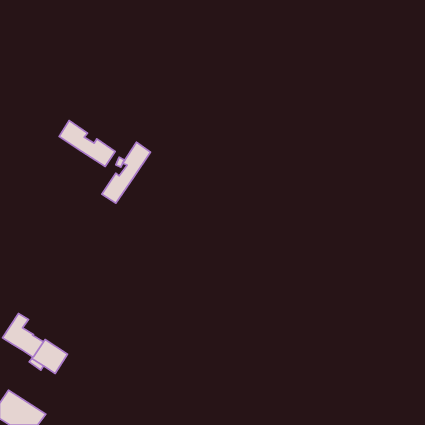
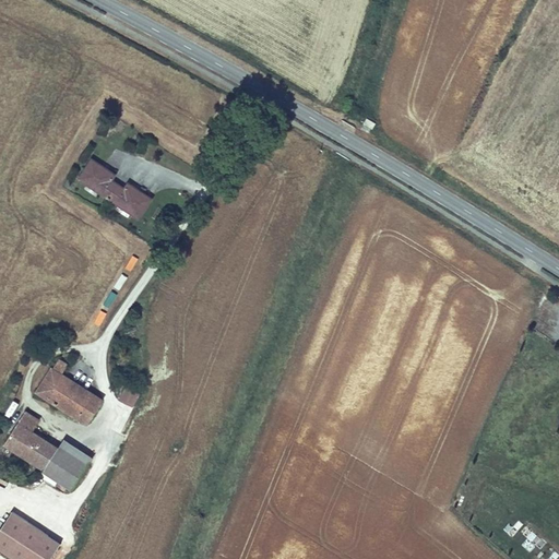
building: [102,142,150,203] -> none
building: none -> [36,359,102,423]

